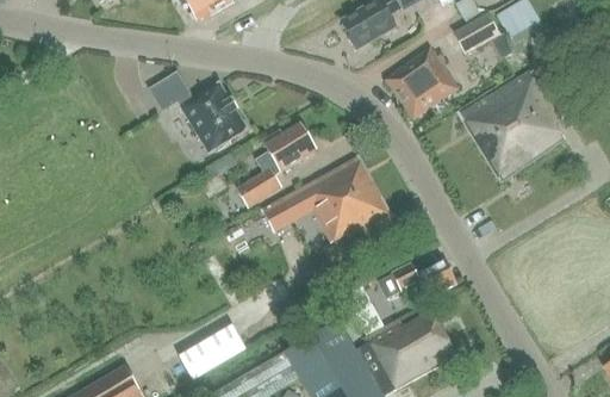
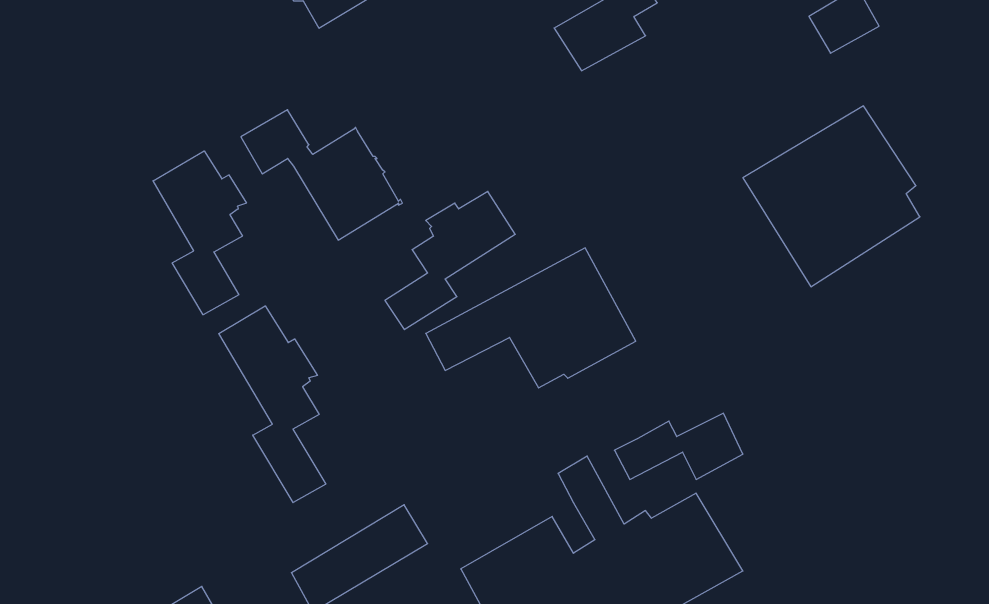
building: [452,12,499,54] -> none
building: [385,46,459,119] -> none
building: none -> [153,151,246,315]
building: none -> [219,306,326,503]

